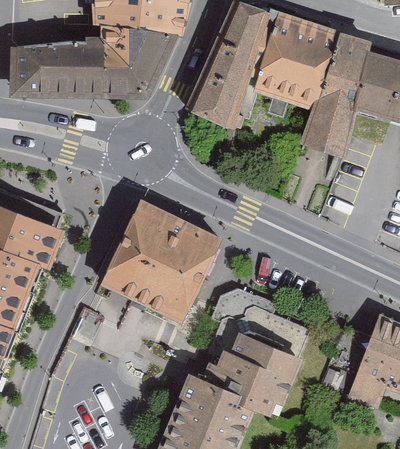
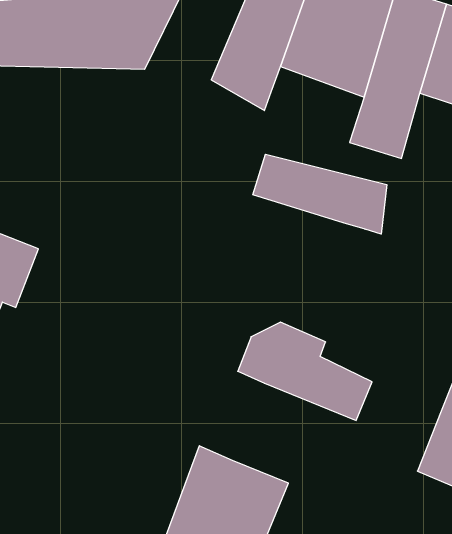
building: none -> [253,154,387,234]
building: [104,199,226,321] -> none
building: [208,331,301,417] -> none

